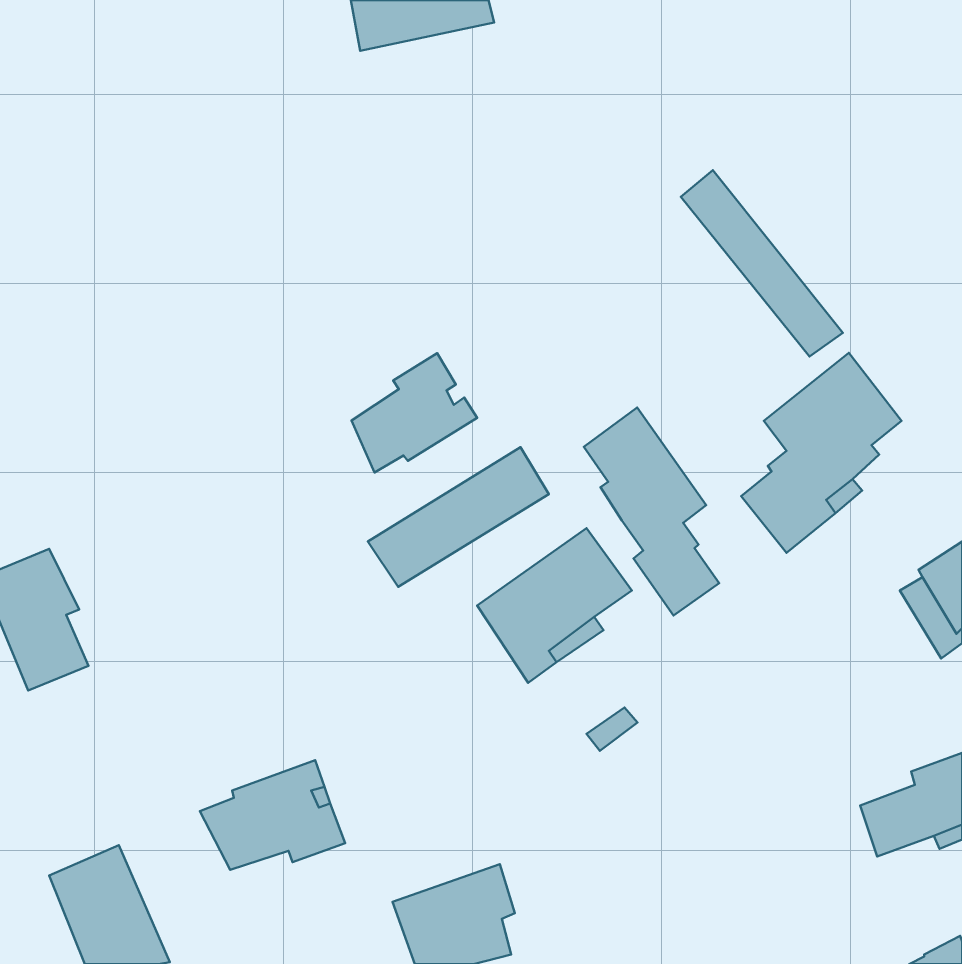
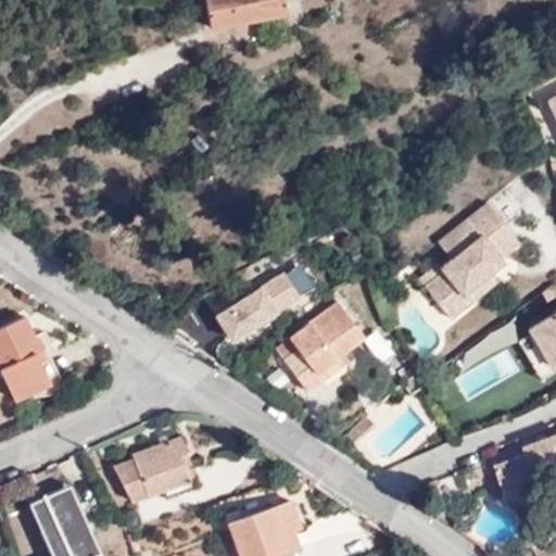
building: [681,170,843,357] -> none
building: [352,353,477,473] -> none
building: [584,407,719,615] -> none

